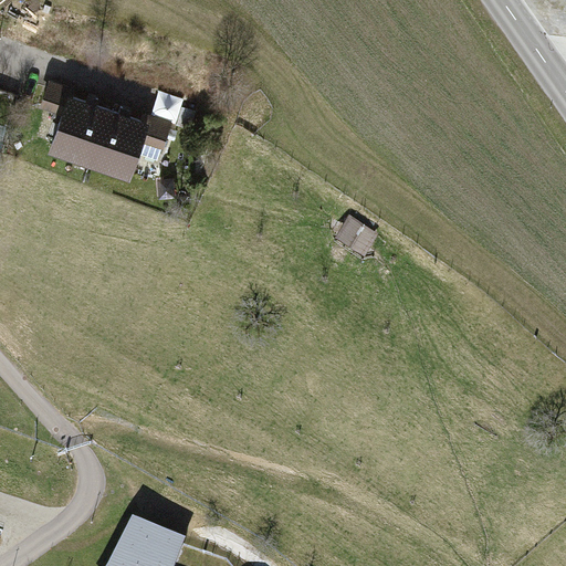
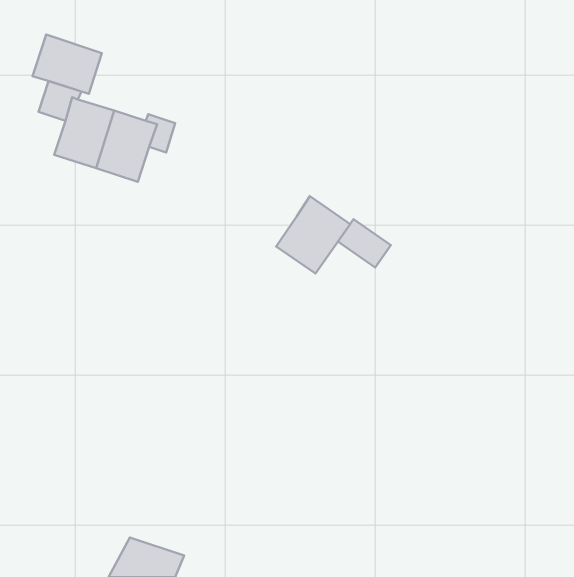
building: none -> [32,35,102,94]
building: none -> [276,196,350,274]

